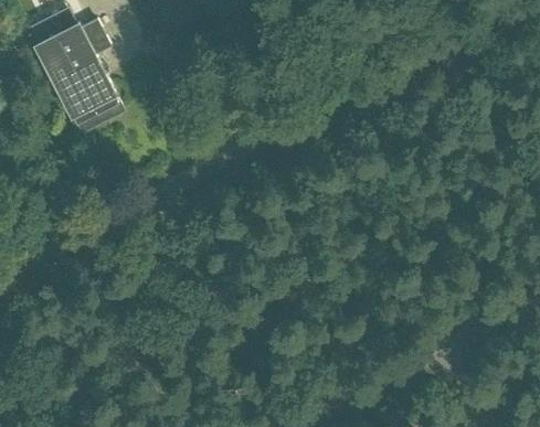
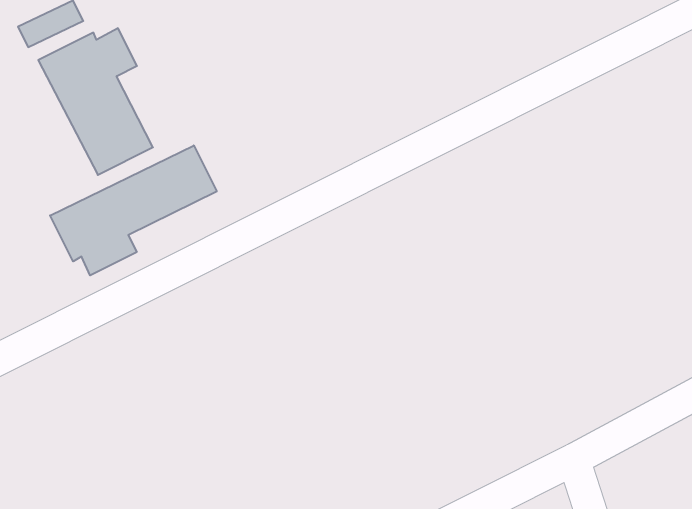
building: none -> [50,145,217,275]

